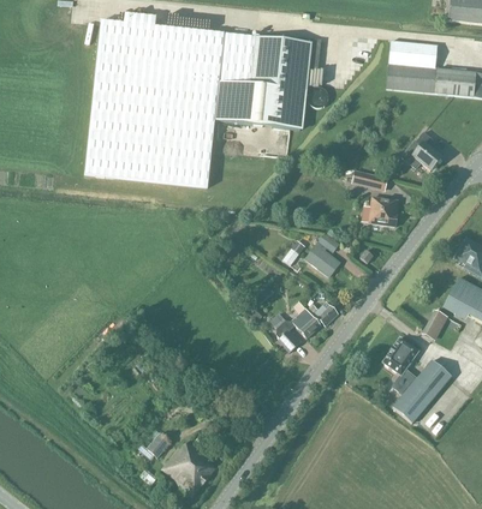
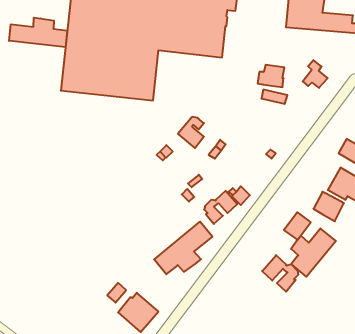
building: none -> [9,18,67,47]
building: [362,196,398,226] -> [258,65,284,87]
building: [305,238,340,280] -> [178,117,204,148]
building: none -> [154,222,212,274]
building: none -> [262,255,298,292]

